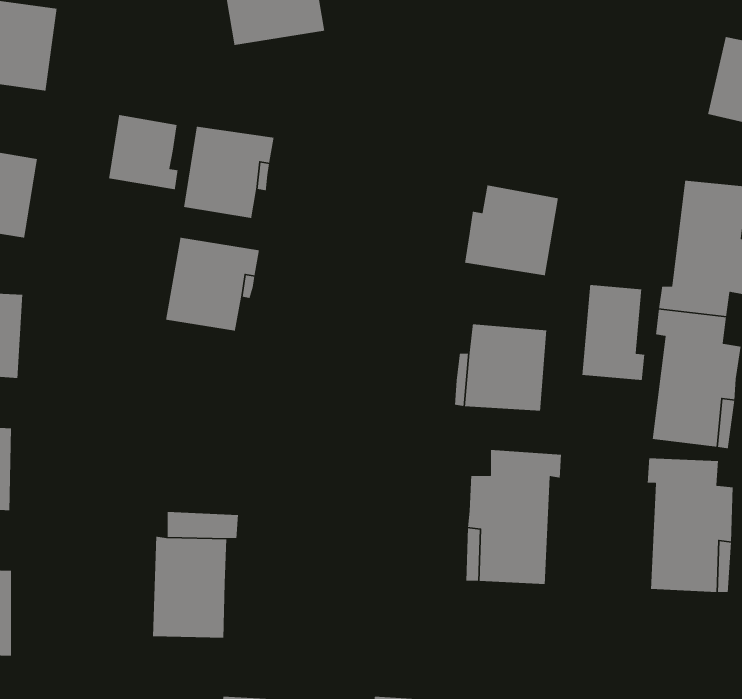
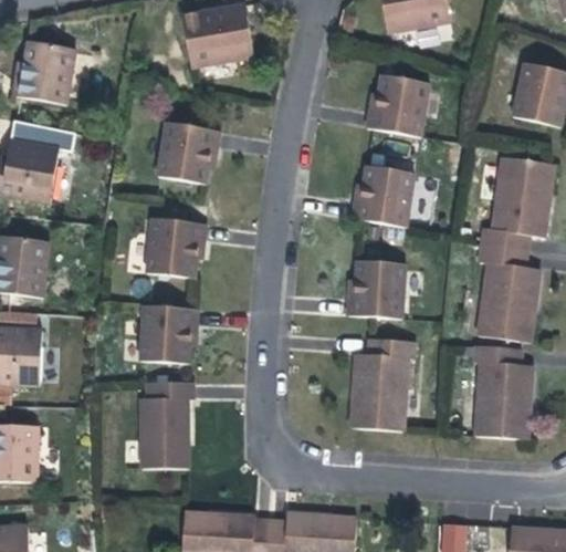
building: none -> [364,73,429,136]
building: [108,114,178,190] -> none
building: [581,284,645,381] -> none
building: none -> [136,309,197,368]

